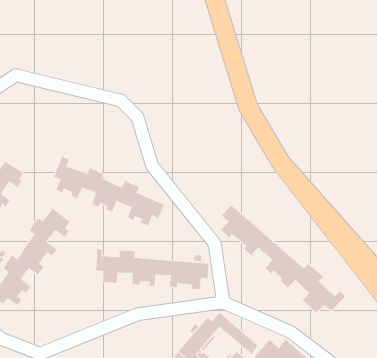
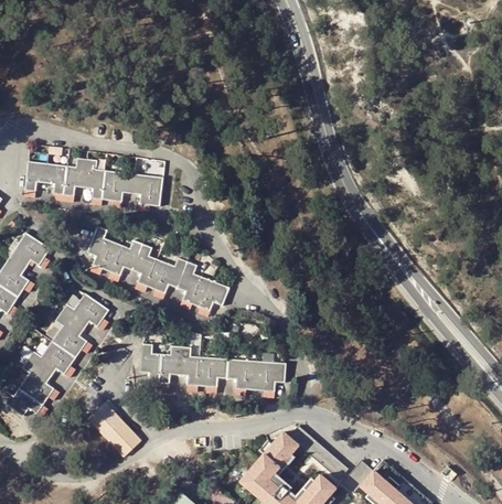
building: none -> [23,159,162,210]
building: [221,205,346,313] -> none
building: none -> [87,403,139,455]

